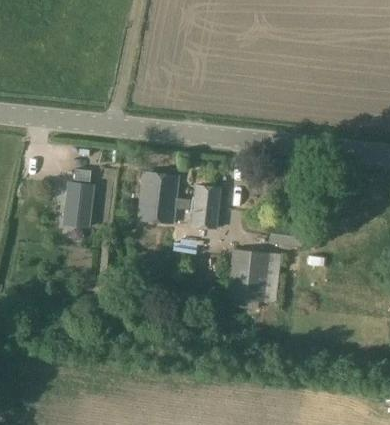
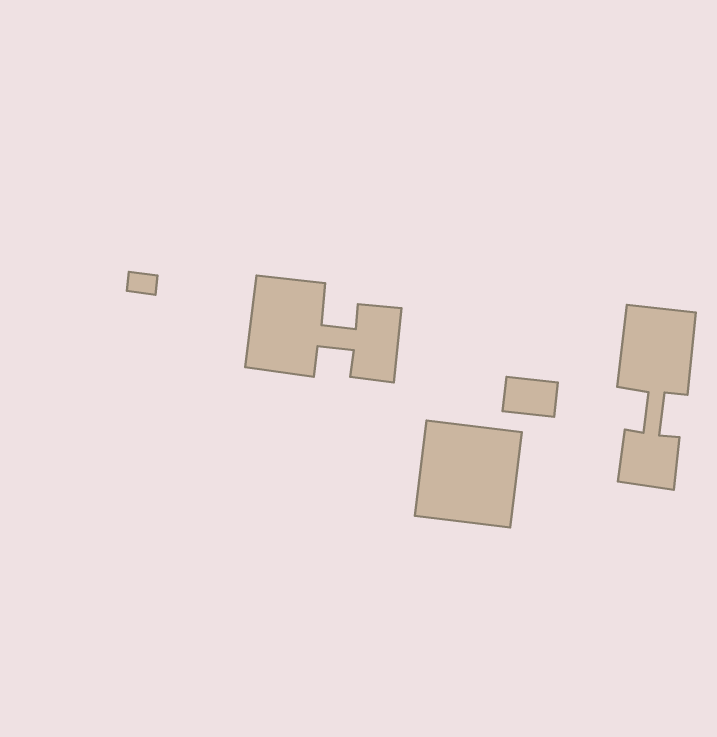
building: [68,183,96,228] -> none
building: none -> [617,305,696,490]

